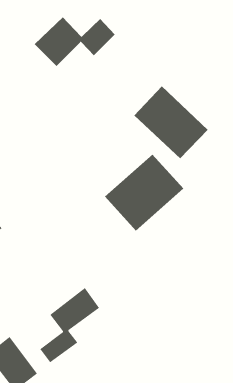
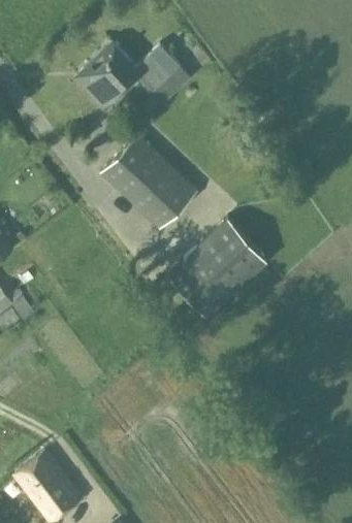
building: [133,86,209,159] -> [100,135,196,229]
building: [39,287,100,363] -> none

